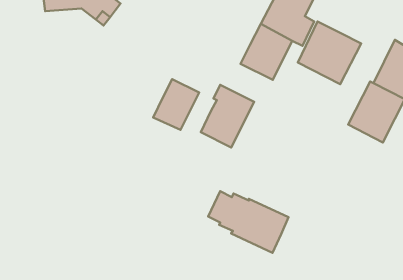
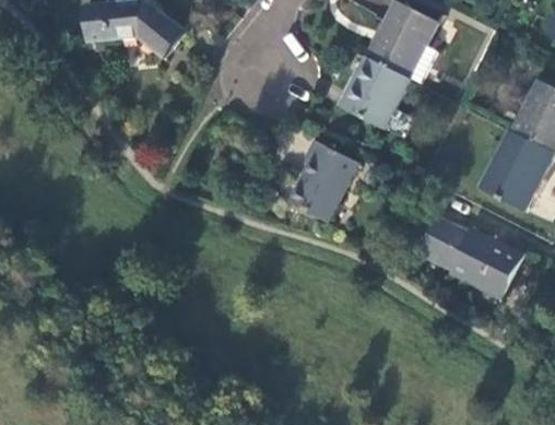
building: [298,22,361,84] -> none
building: [153,79,199,130] -> none
building: [208,191,289,253] -> [418,220,522,299]

